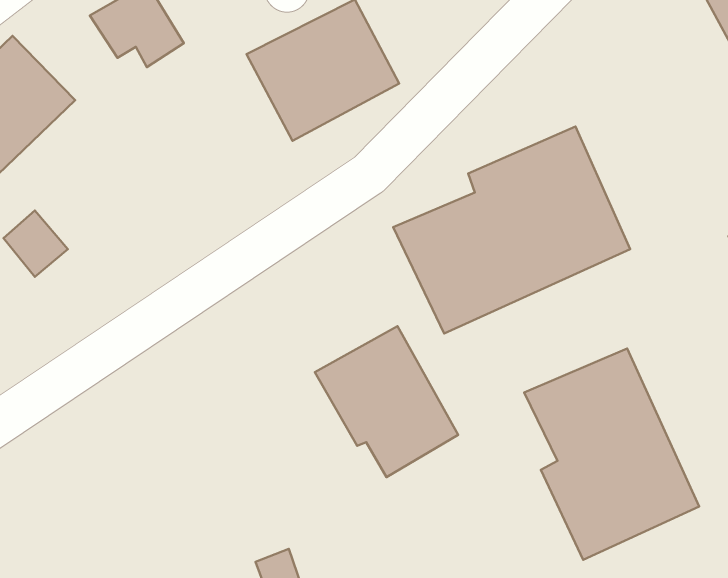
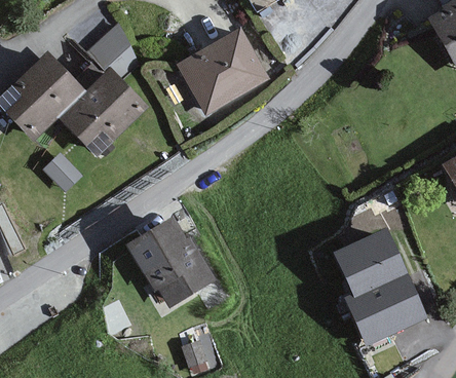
building: none -> [61,68,143,150]
building: [393,126,630,333] -> none
building: [315,326,458,477] -> [128,217,208,301]

